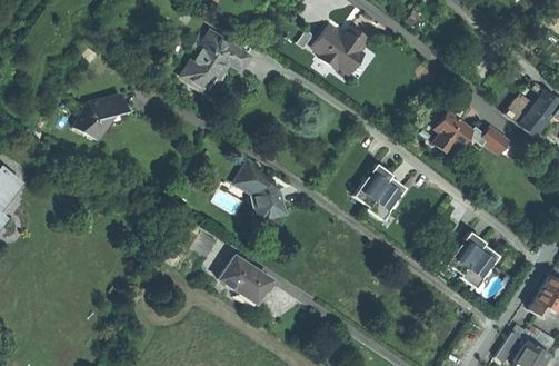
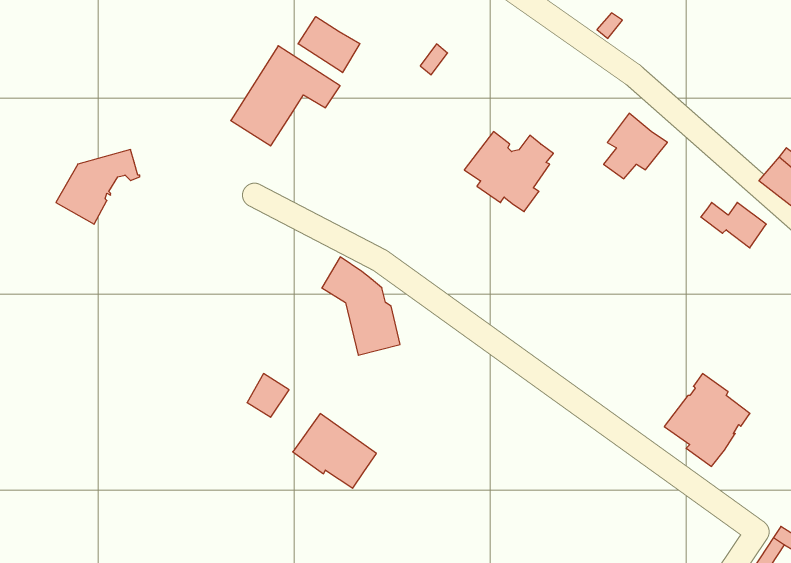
building: none -> [298,17,360,73]
building: [312,24,367,73] -> [464,132,553,212]
building: [433,112,472,152] -> [604,113,667,179]
building: [353,164,405,220] -> none

